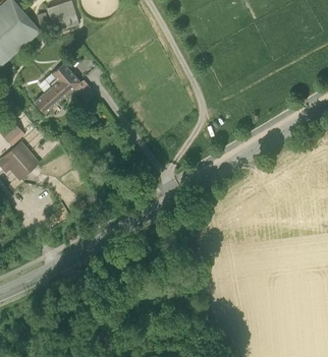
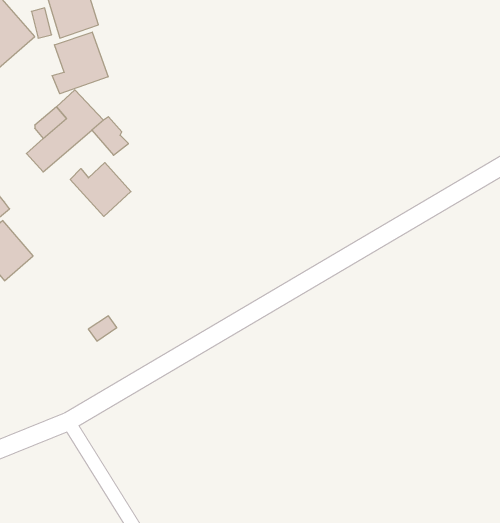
building: none -> [52,32,108,94]
building: none -> [70,163,131,216]

